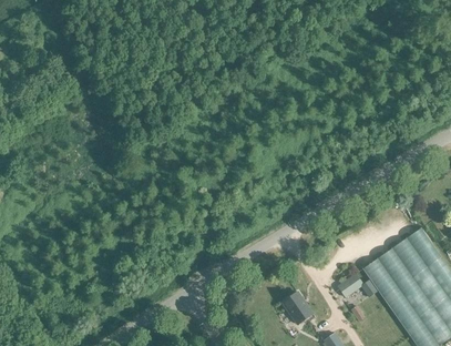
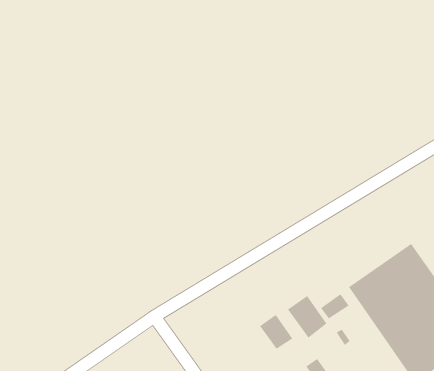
building: none -> [287,295,327,338]

